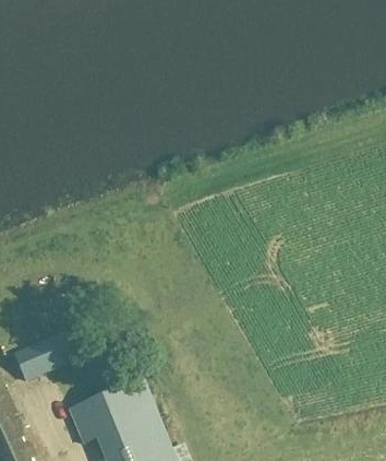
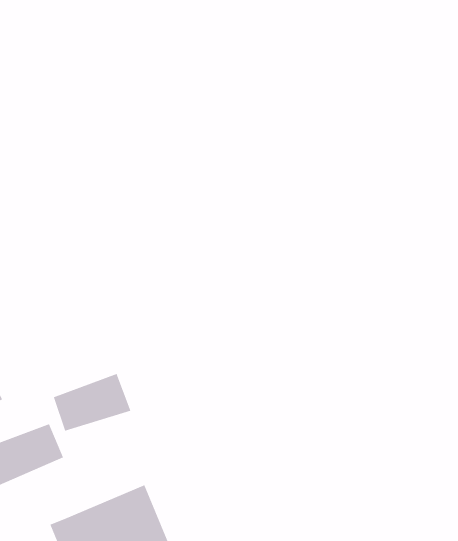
building: none -> [53,373,131,432]

